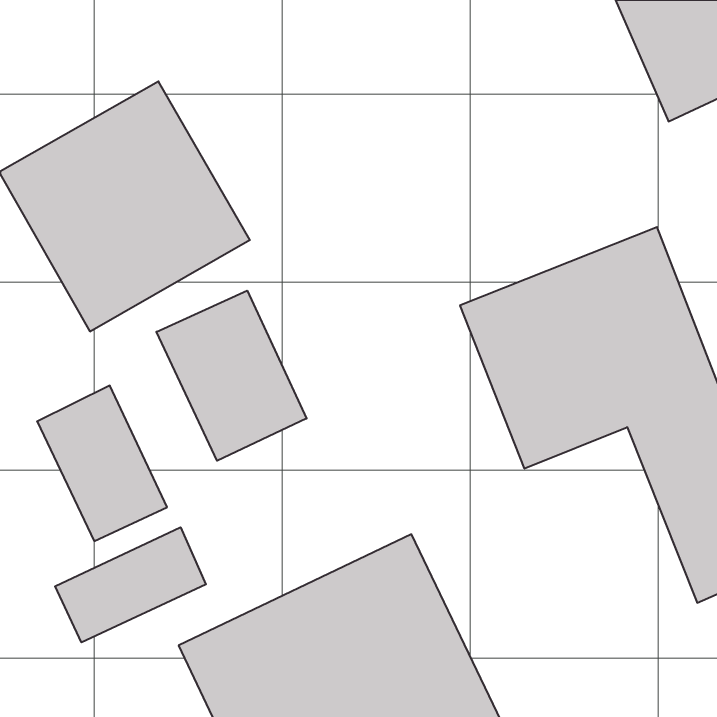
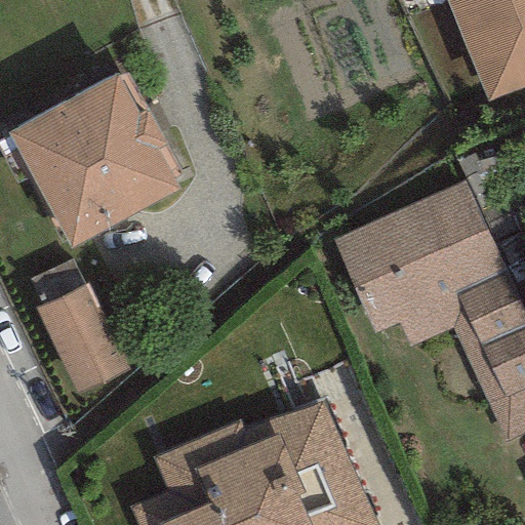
building: [156,291,307,461] -> none
building: [55,527,206,642] -> none

